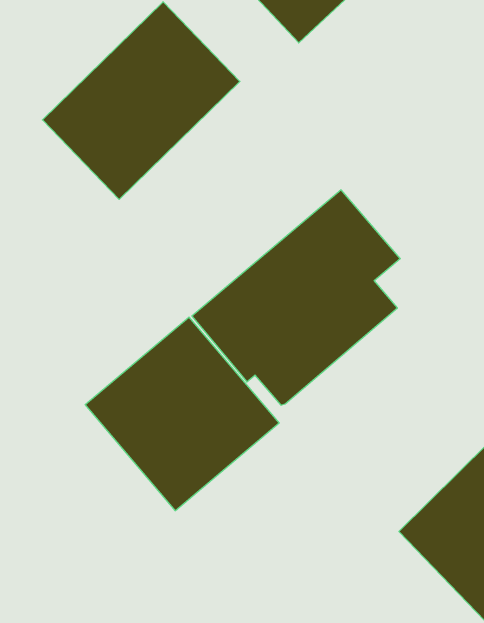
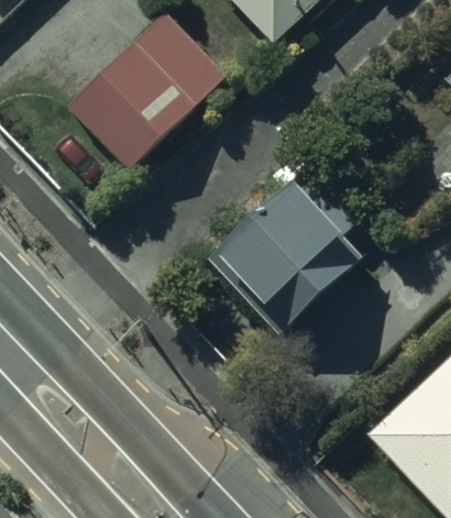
building: [85,317,279,511] -> none

